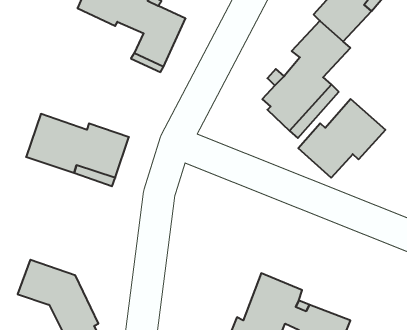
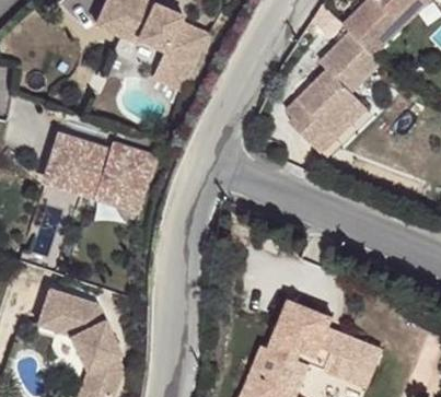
building: [298,99,385,178] -> none

